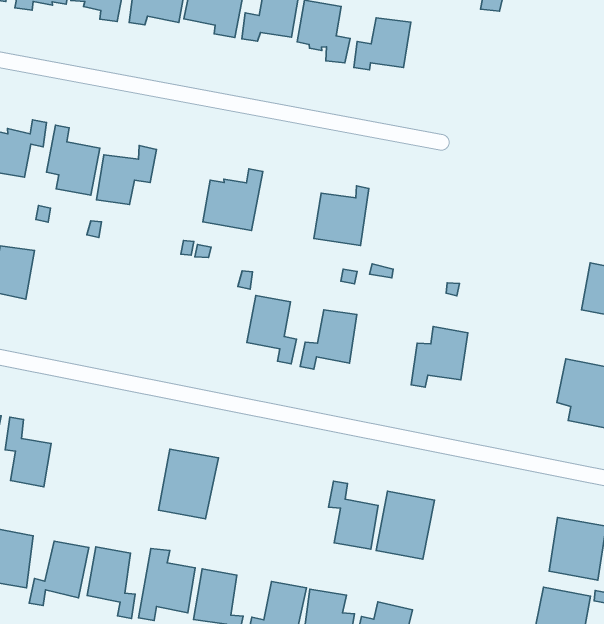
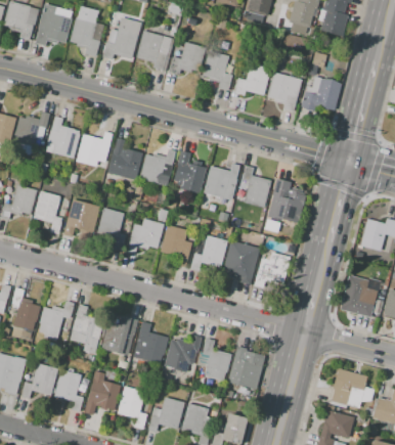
building: none -> [267,73,302,113]
building: none -> [301,79,341,112]
building: none -> [107,138,141,180]
building: none -> [173,150,206,193]
building: none -> [242,166,270,208]
building: none -> [267,179,306,223]
building: none -> [33,191,61,233]
building: none -> [63,199,99,241]
building: none -> [96,209,125,251]
building: none -> [127,218,163,253]
building: none -> [223,241,259,281]
building: none -> [38,301,74,341]
building: none -> [70,305,105,354]
building: none -> [133,321,167,363]
building: none -> [165,332,202,371]

